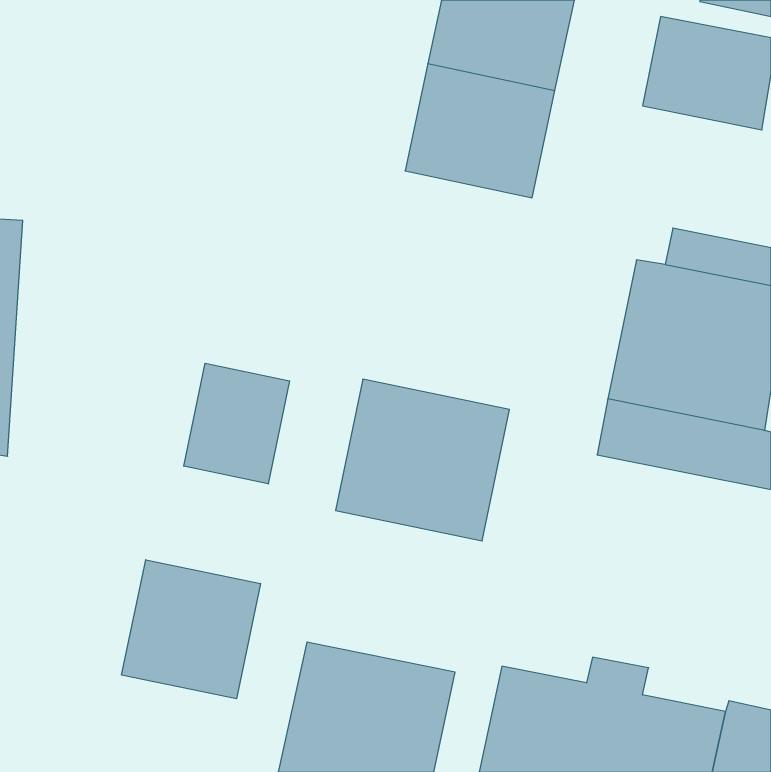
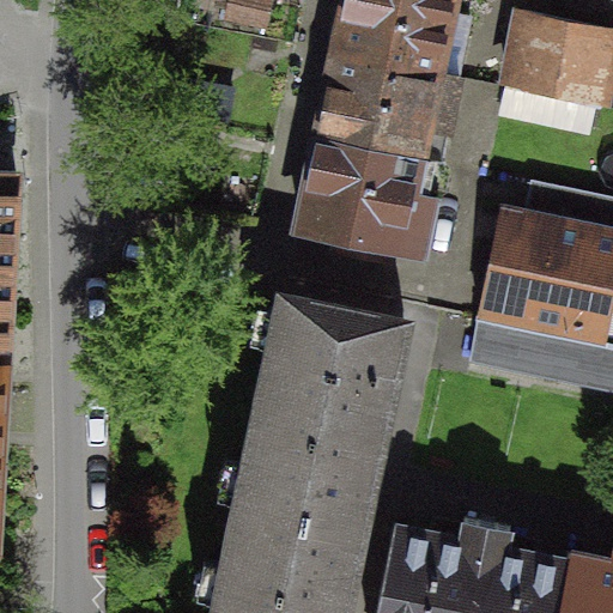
building: none -> [302,135,421,250]
building: [184,363,290,484] -> none
building: none -> [243,405,382,533]
building: [122,560,260,699] -> none

